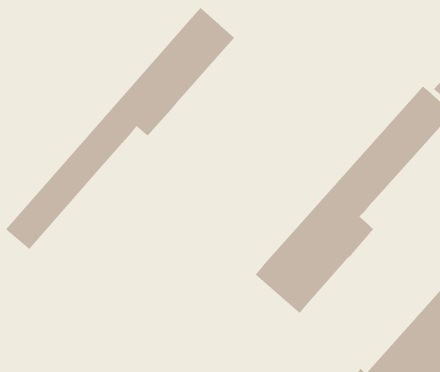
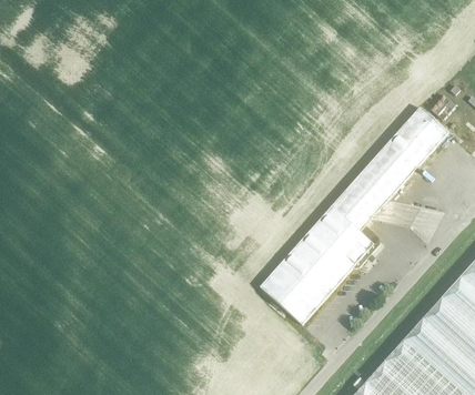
building: [6,7,235,250] -> none

